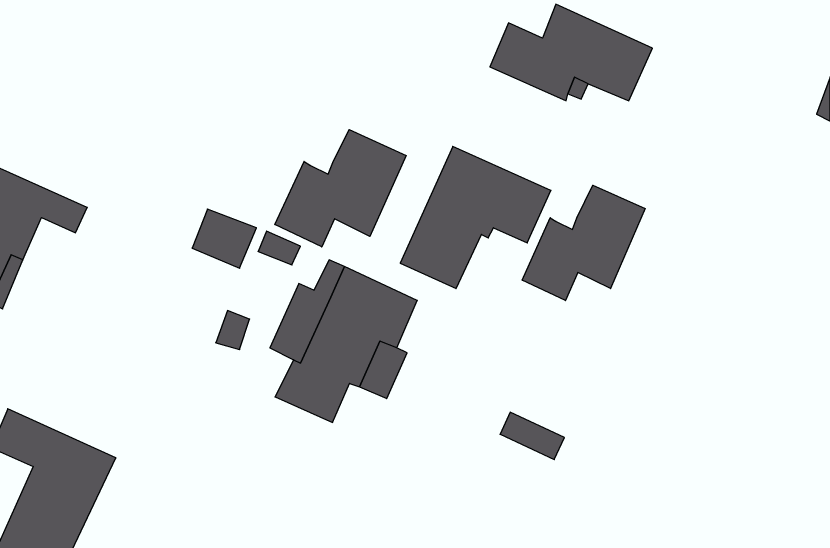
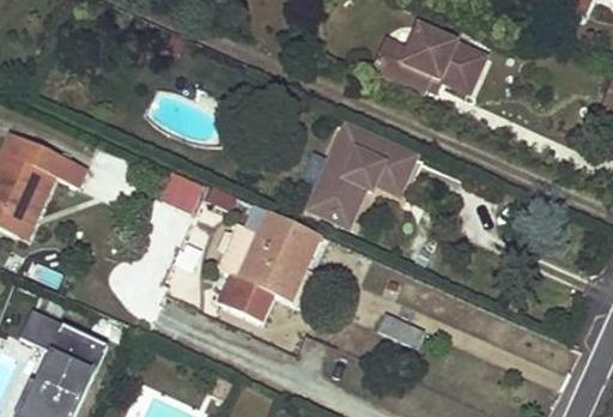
building: [275,130,406,247] -> none
building: [522,185,645,301] -> none

